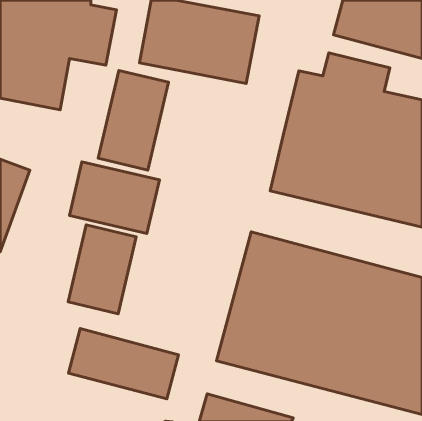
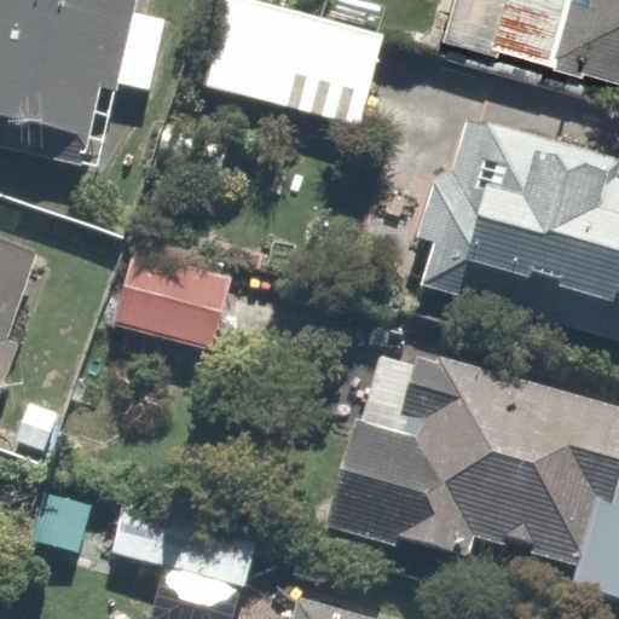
building: [98,70,169,170] -> none
building: [68,225,136,314] -> none

